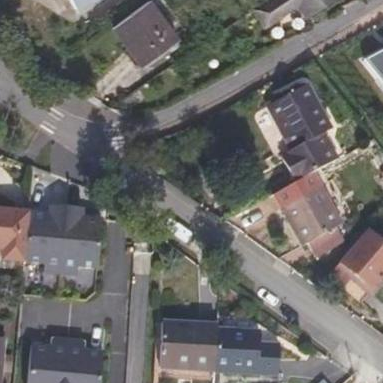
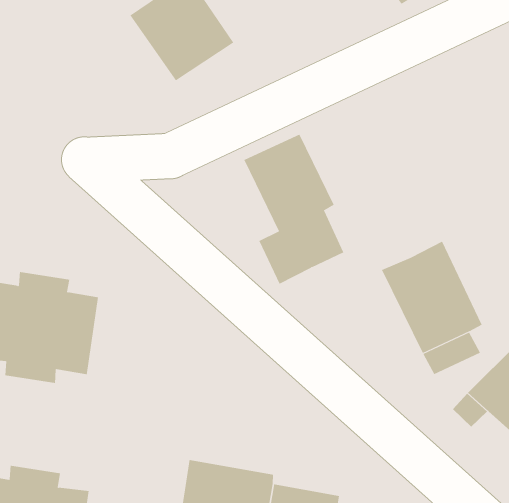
building: [269,84,337,181] -> [243,134,344,284]

